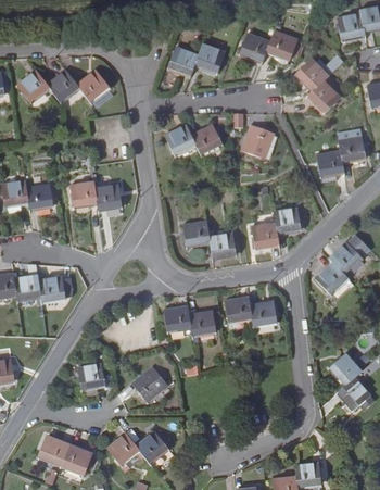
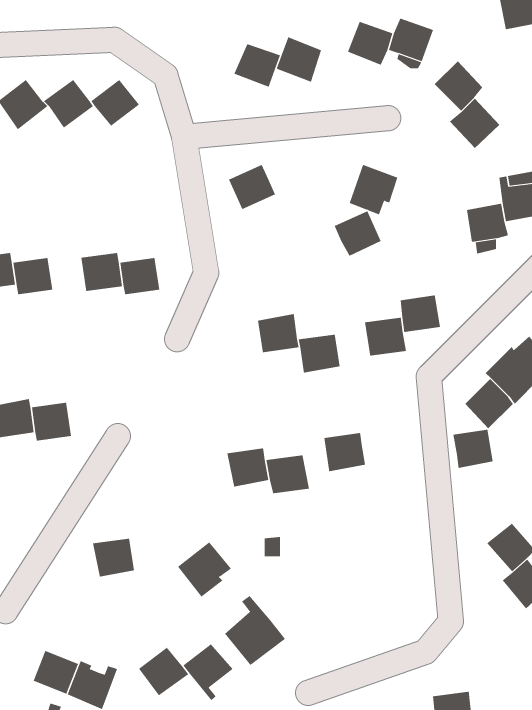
building: [191,125,221,154] -> [334,210,381,256]
building: [251,301,277,326] -> [453,429,493,468]
building: none -> [224,595,286,666]

